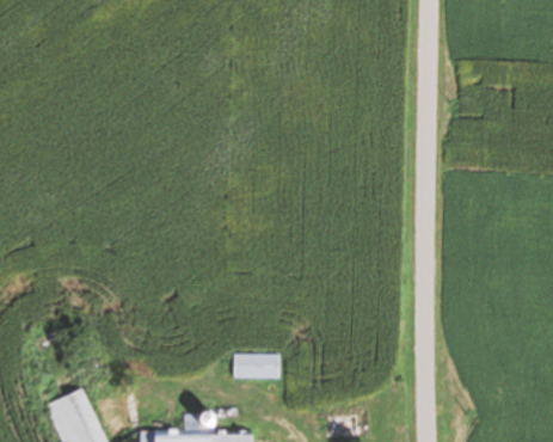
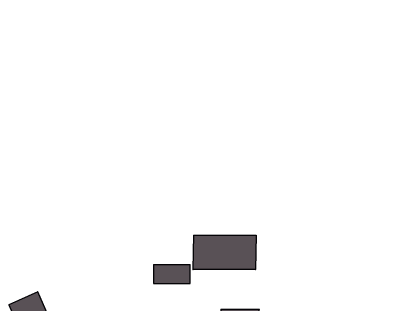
building: none -> [193,235,256,270]

